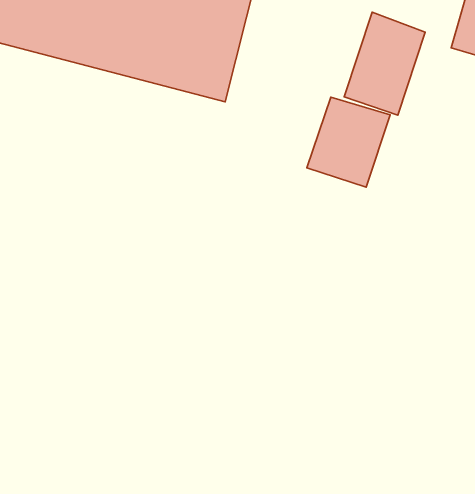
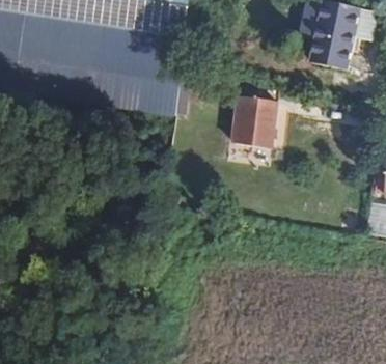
building: [344,12,425,115] -> none

